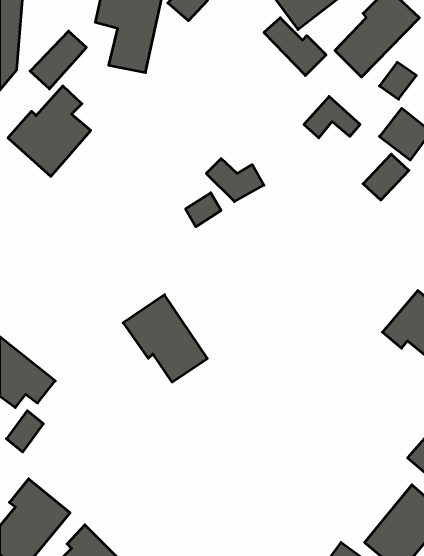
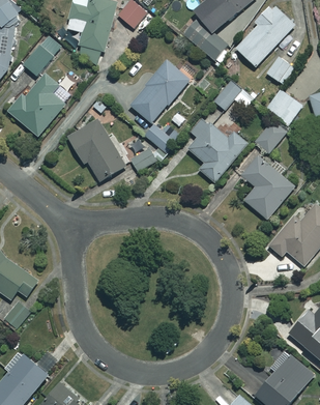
building: none -> [129,62,188,124]
building: none -> [187,117,246,182]
building: none -> [240,156,293,220]
building: [123,295,207,382] -> [66,120,125,181]

